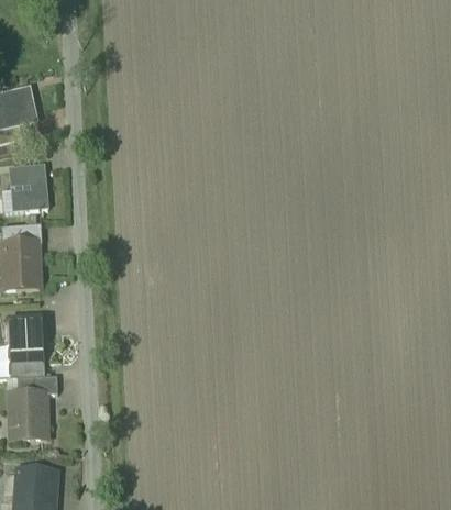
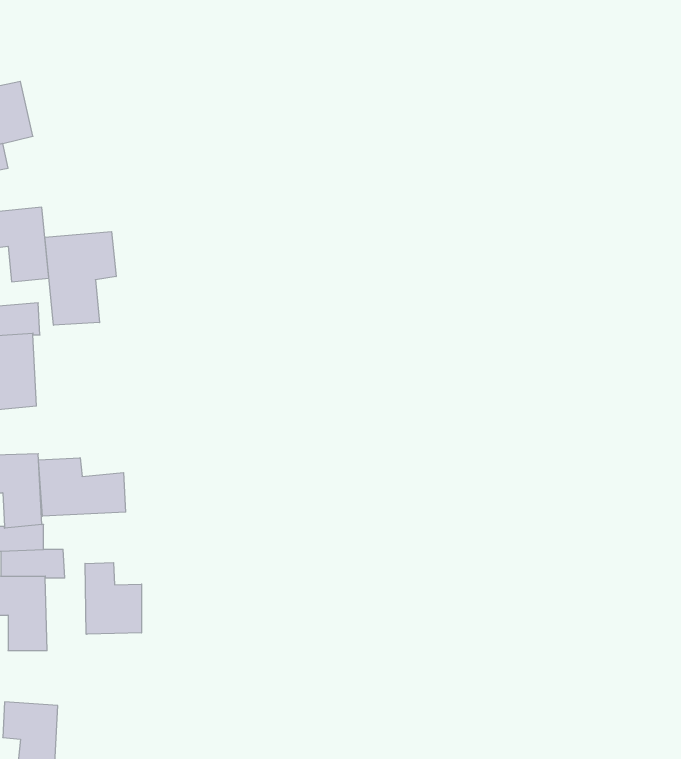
building: none -> [45,232,116,325]
building: none -> [39,458,126,516]
building: none -> [85,563,142,634]

